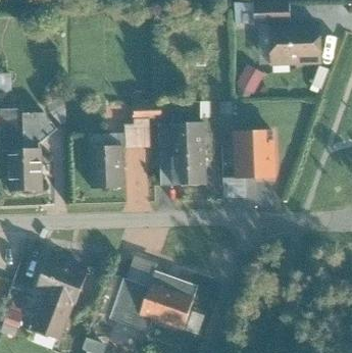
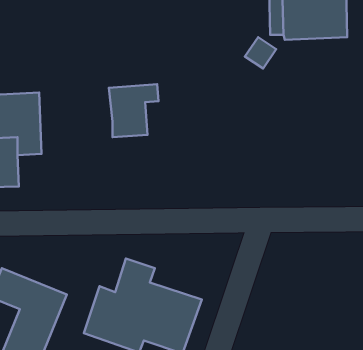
building: [159,122,207,185] -> none
building: [231,127,275,180] -> none
building: [87,135,123,188] -> none

